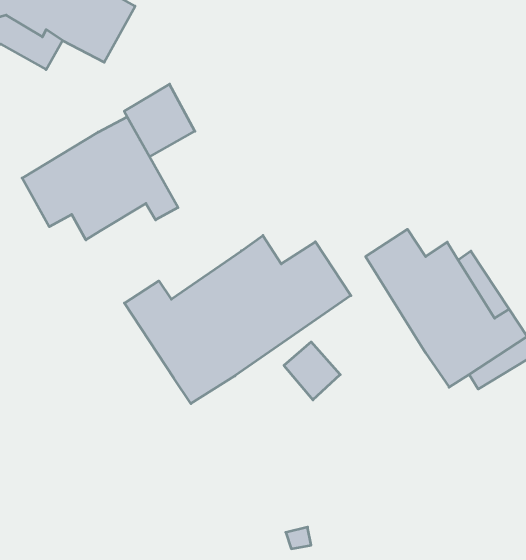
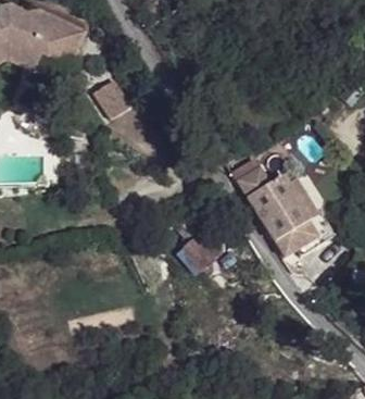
building: [22,117,178,240] -> none
building: [124,235,351,404] -> none

